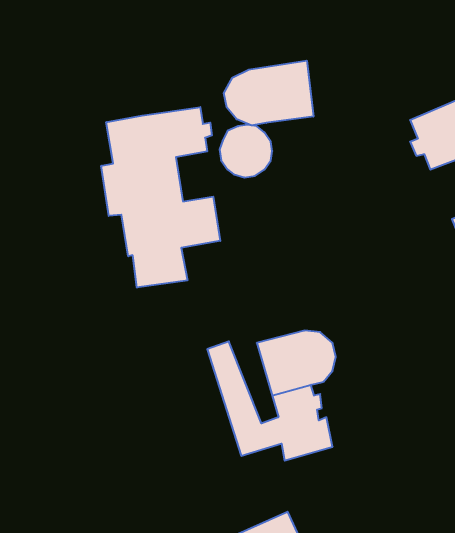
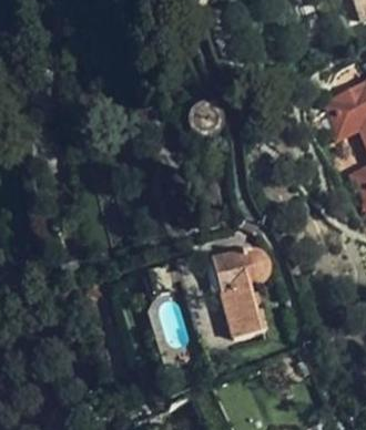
building: [224,61,313,125] -> none
building: [101,107,220,288] -> none

